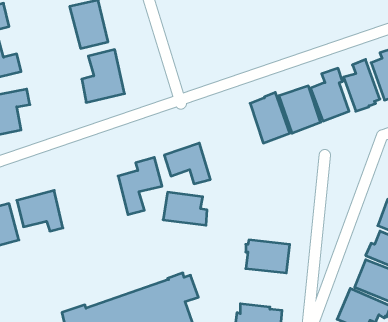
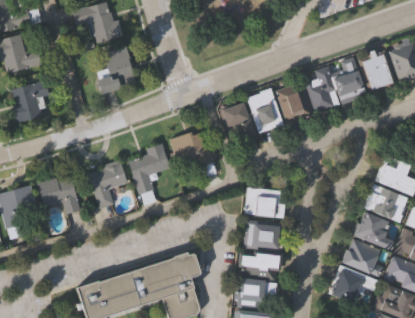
building: none -> [220,100,257,143]
building: none -> [87,164,126,210]
building: [163,192,207,225] -> [246,188,286,218]
building: none -> [239,250,284,281]

